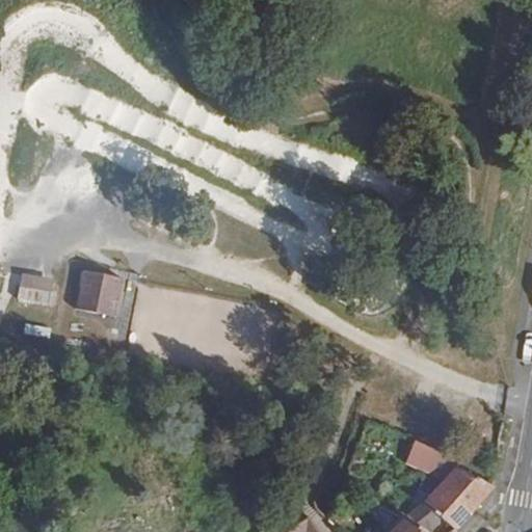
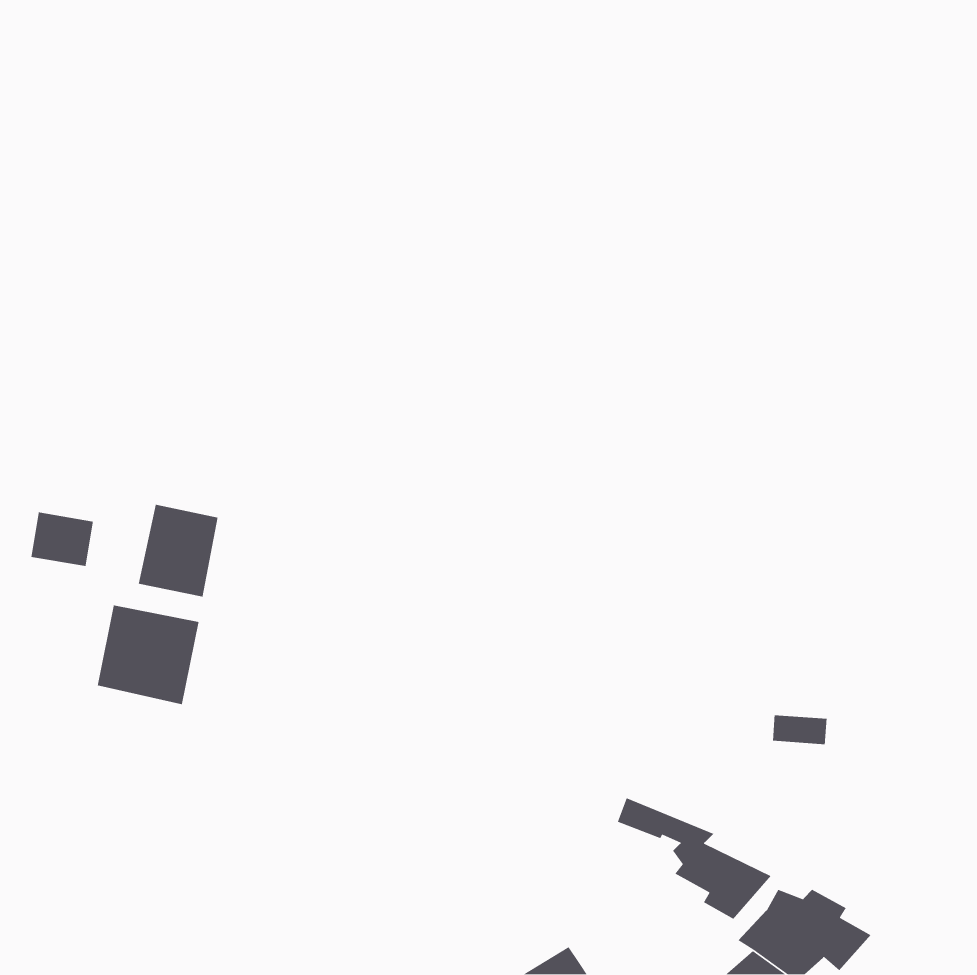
building: none -> [97,604,200,705]
building: [410,441,495,507] -> [617,797,772,920]

